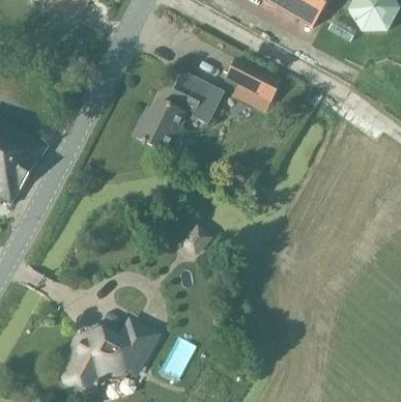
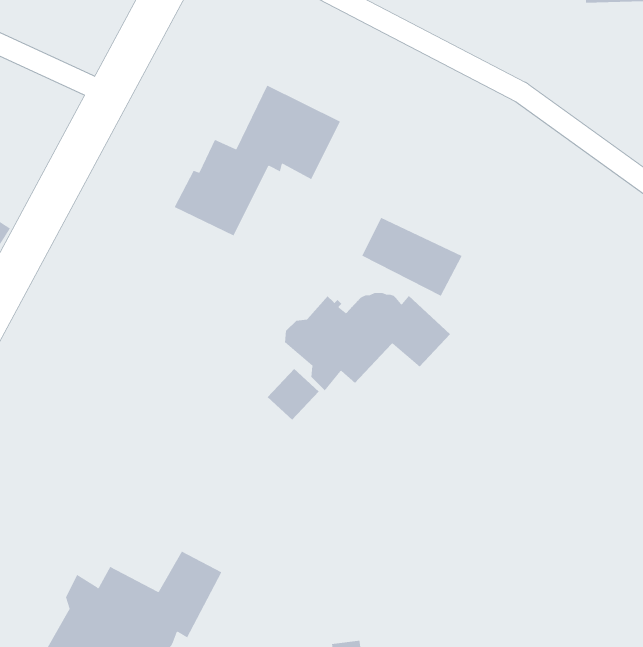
building: [225,57,279,99] -> [362,217,462,297]
building: none -> [284,292,451,391]

